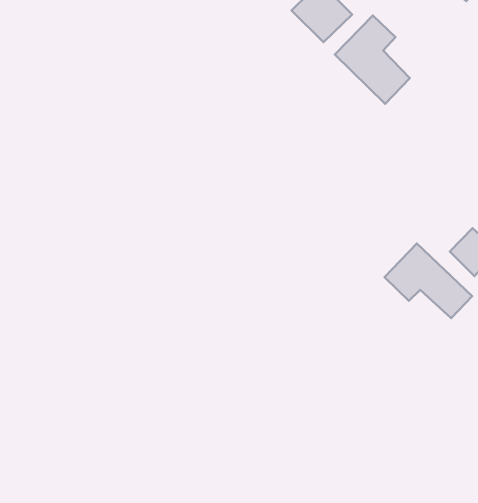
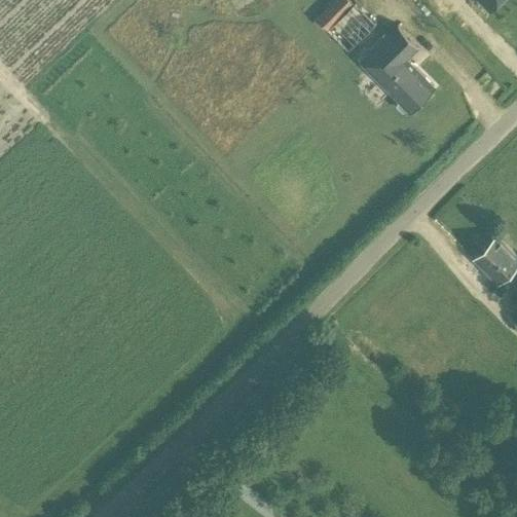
building: [385,243,472,318] -> none

